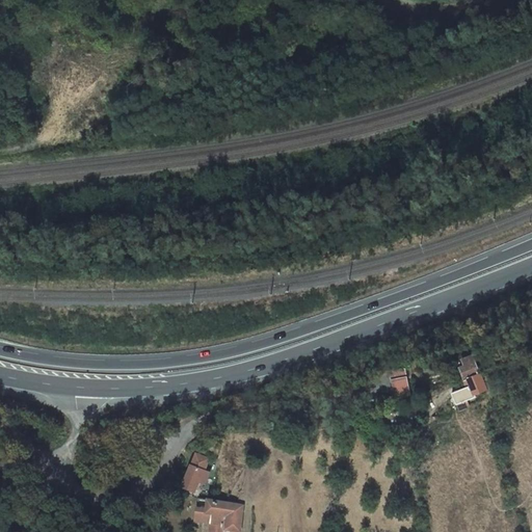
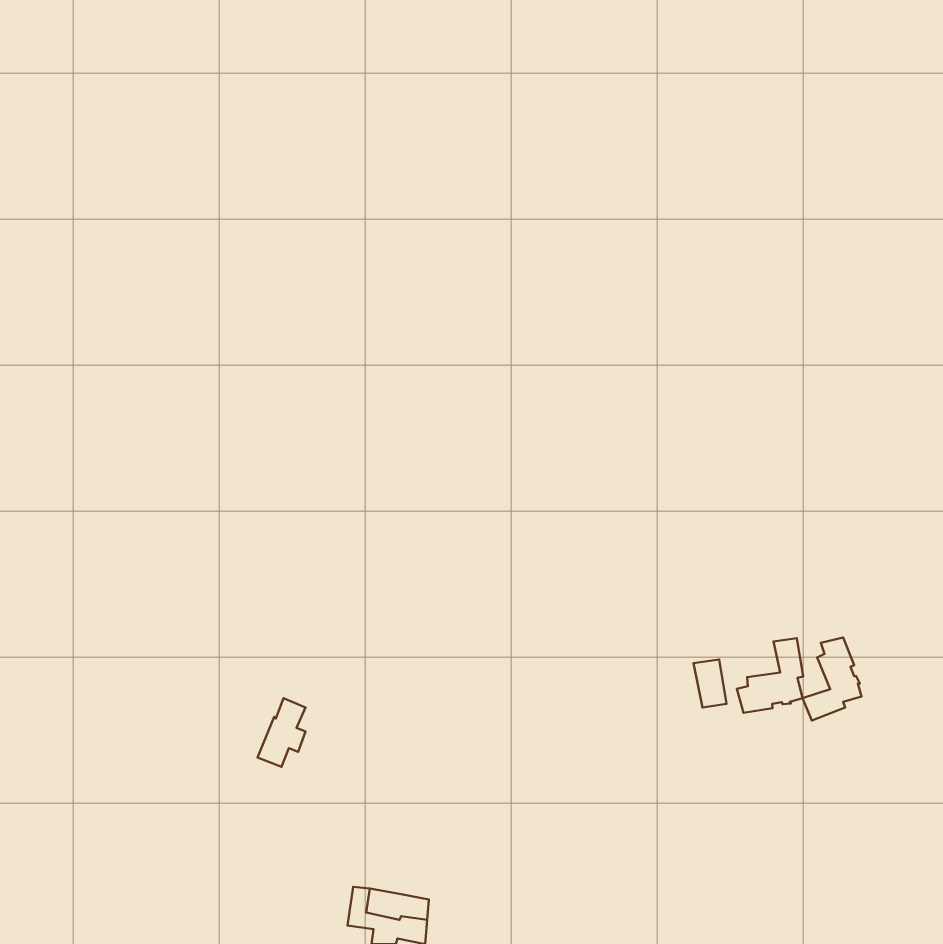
building: none -> [737,638,803,713]
building: [182,454,209,493] -> [258,698,306,767]

